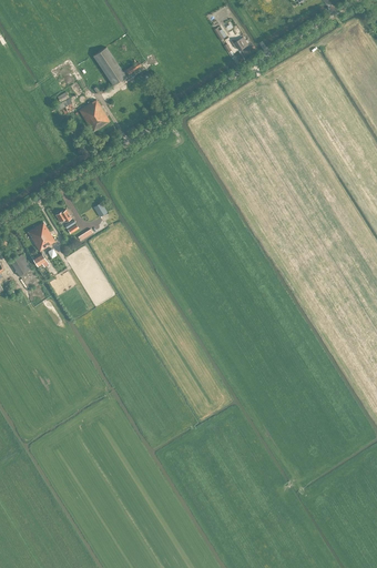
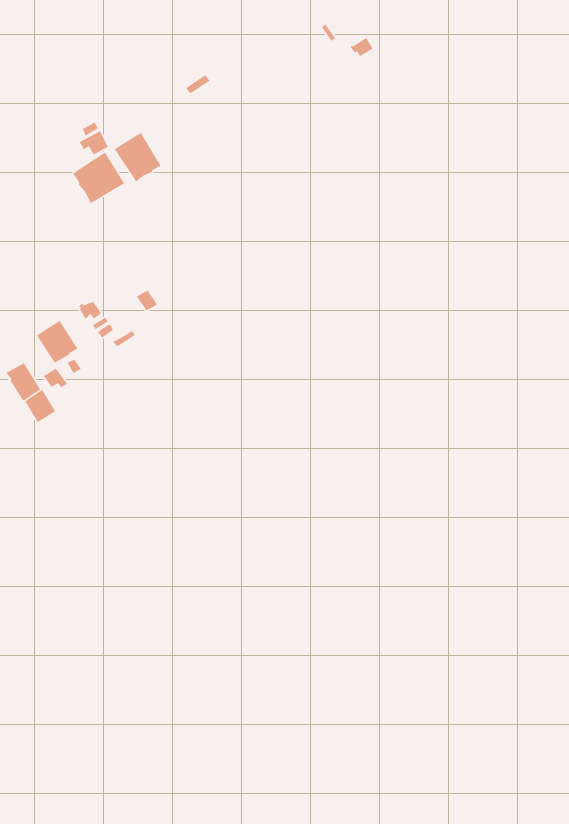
building: [93,47,126,85] -> none
building: none -> [72,152,125,204]

